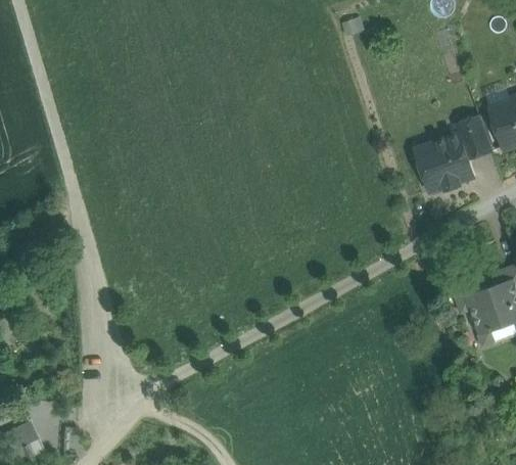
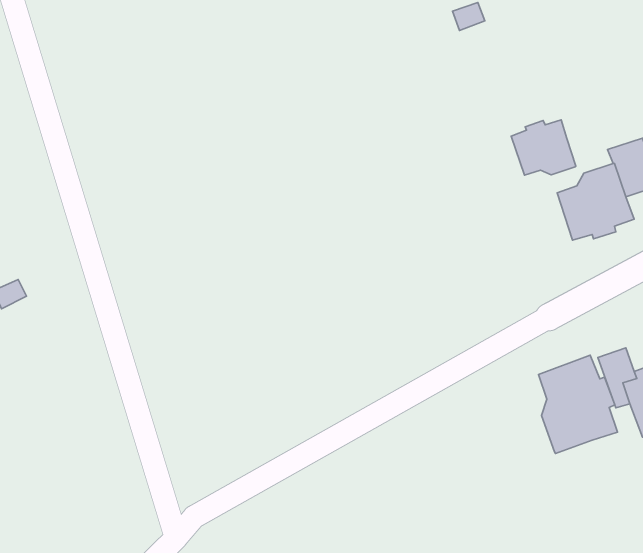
building: none -> [511,120,576,175]
building: none -> [538,355,617,453]

